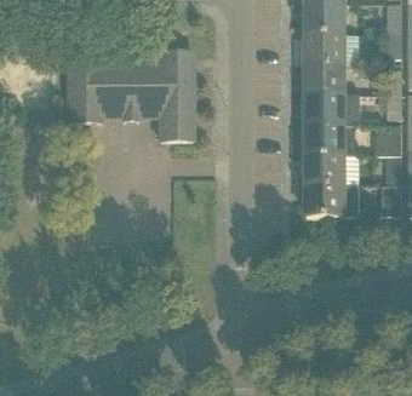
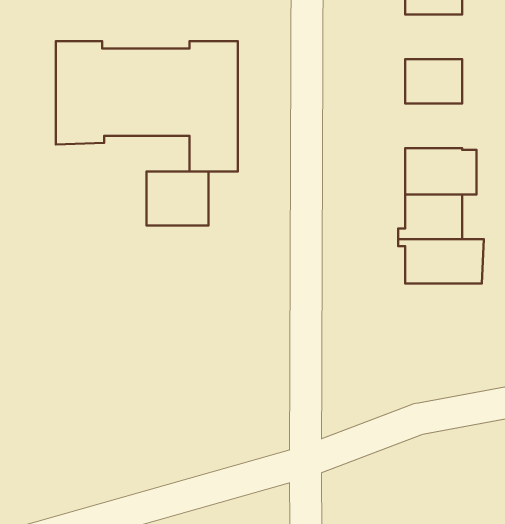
building: [305,34,344,64] -> none
building: [305,94,359,125] -> none
building: none -> [146,171,208,225]

